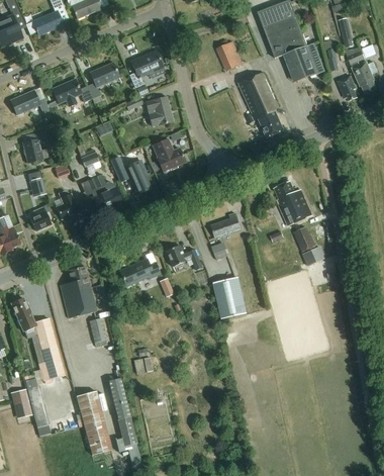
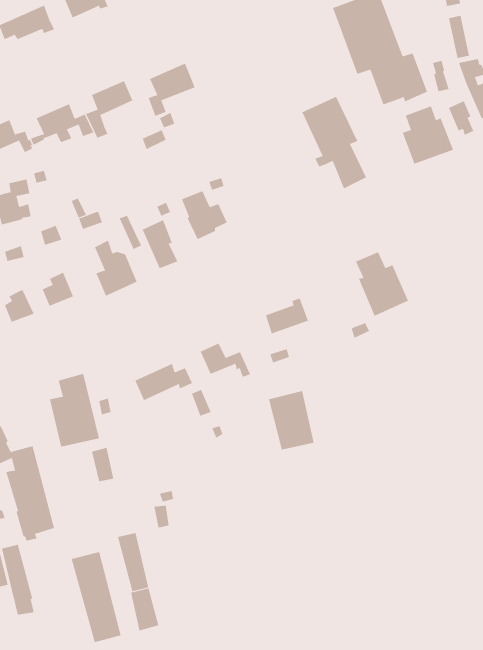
building: [216,40,243,71] -> none
building: none -> [402,105,454,164]
building: [146,96,173,125] -> none
building: [293,225,318,261] -> none

